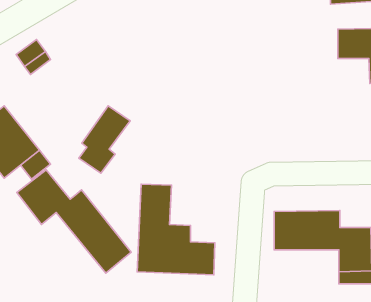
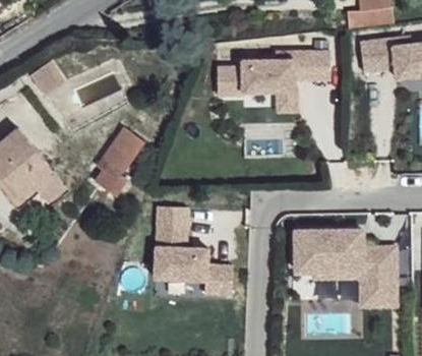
building: none -> [302,48,330,78]
building: none -> [214,57,297,105]
building: [17,170,131,273] -> none

